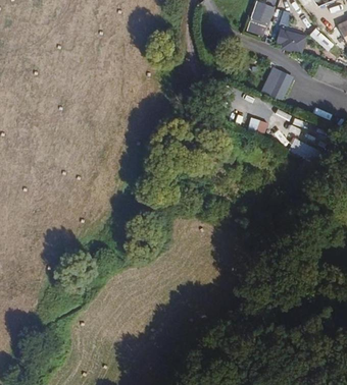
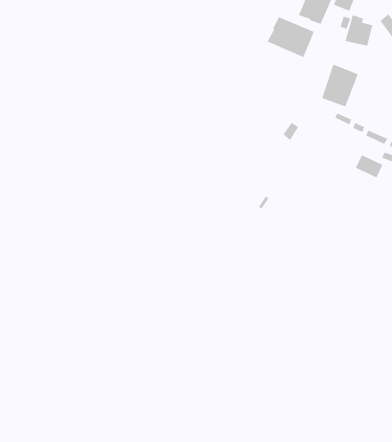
building: none -> [267,16,315,58]

